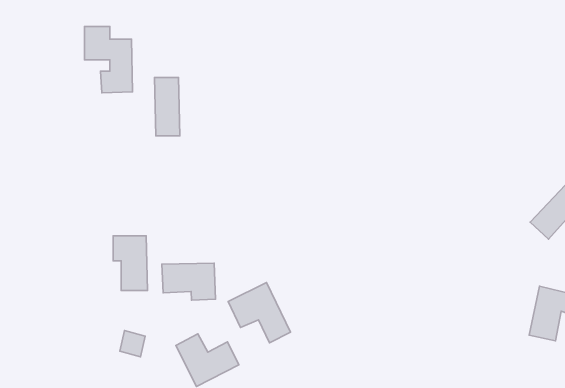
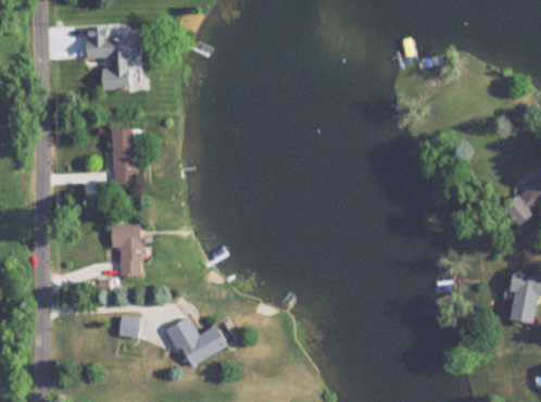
building: [155,78,180,136] -> [111,128,135,184]
building: [162,263,216,300] -> none
building: [228,283,291,343] -> none

